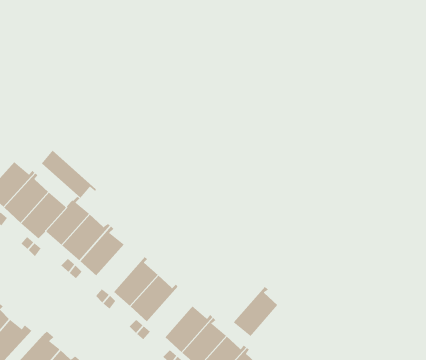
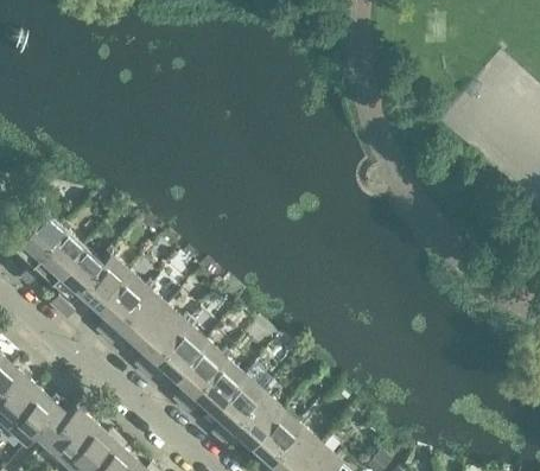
building: [41,150,97,198] -> none
building: none -> [135,307,190,361]
building: [233,286,278,337] -> [192,355,243,412]

